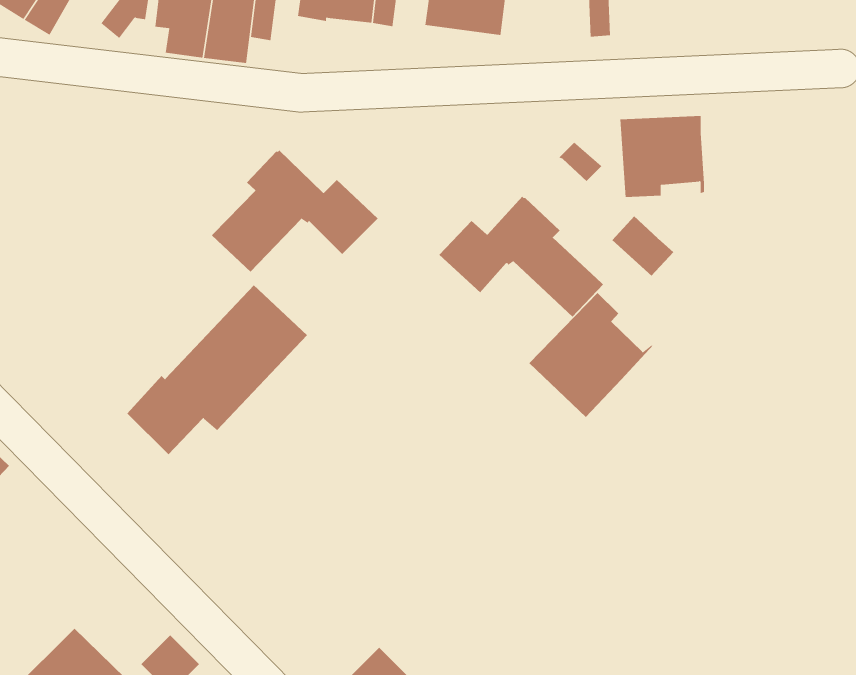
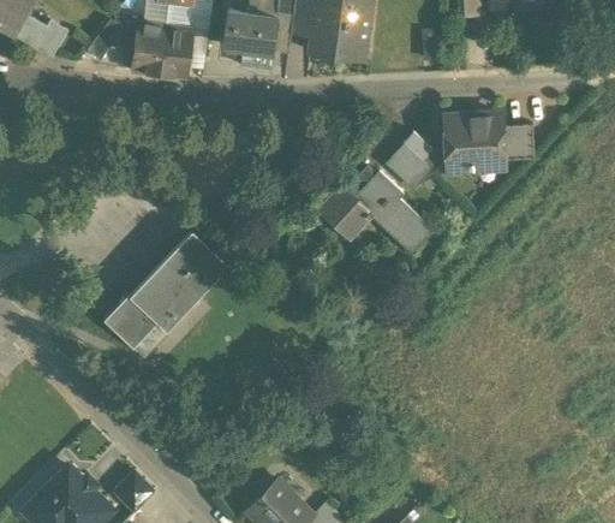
building: none -> [501,124,535,161]
building: [211,149,379,273] -> none
building: [611,216,674,277] -> [389,144,432,186]
building: [528,292,654,418] -> none

